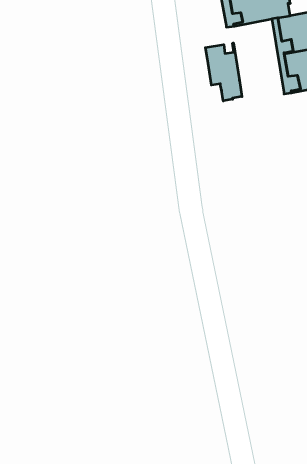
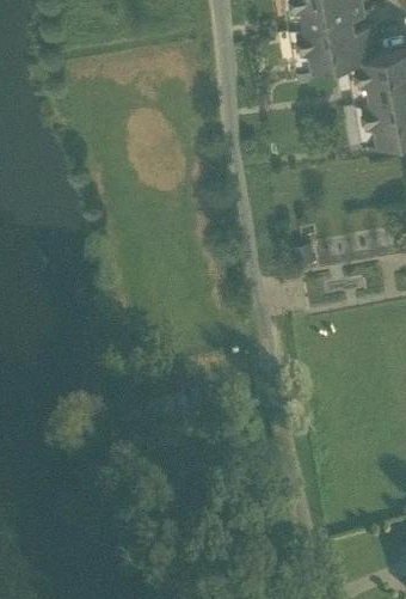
building: [205,43,242,101] -> none

